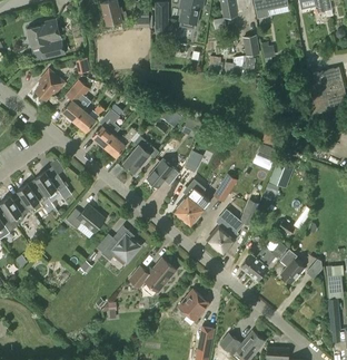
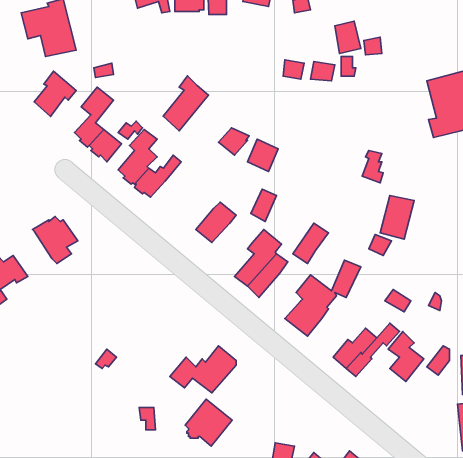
building: [123,135,155,173] -> [163,76,208,131]
building: [18,179,48,214] -> none
building: [67,205,106,233] -> none
building: [101,226,140,262] -> none
building: [178,289,210,321] -> [185,399,232,446]

